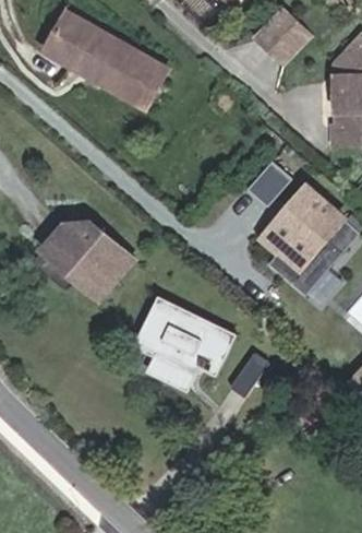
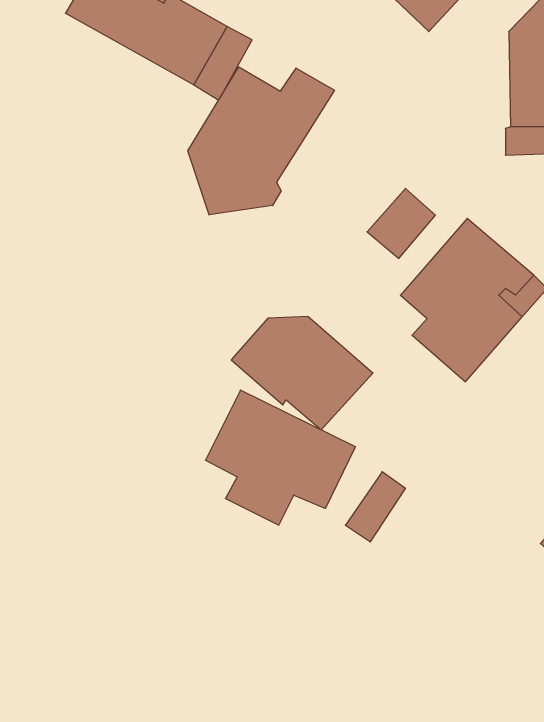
building: none -> [188,67,334,215]
building: [40,223,133,297] -> [231,317,373,430]

